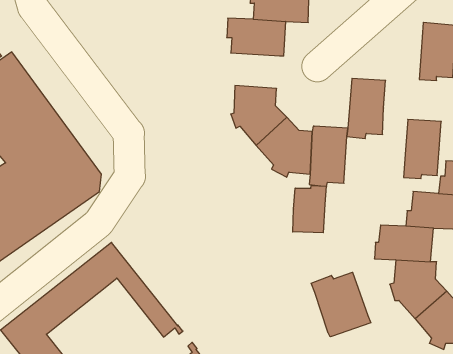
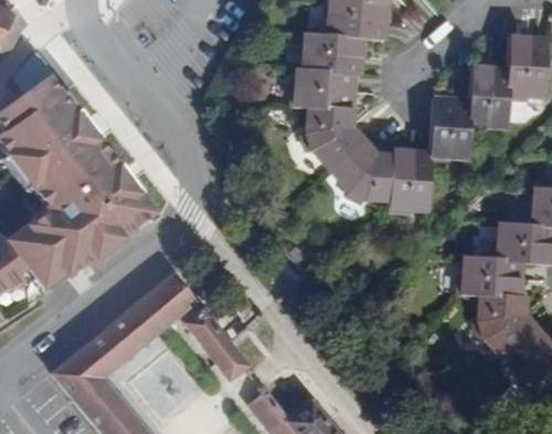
building: none -> [290,70,354,108]
building: [404,119,441,179] -> [467,66,508,130]
building: [293,186,326,233] -> none
building: [311,272,371,337] -> none

